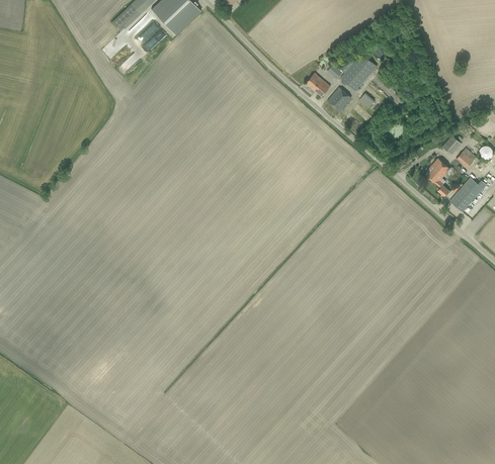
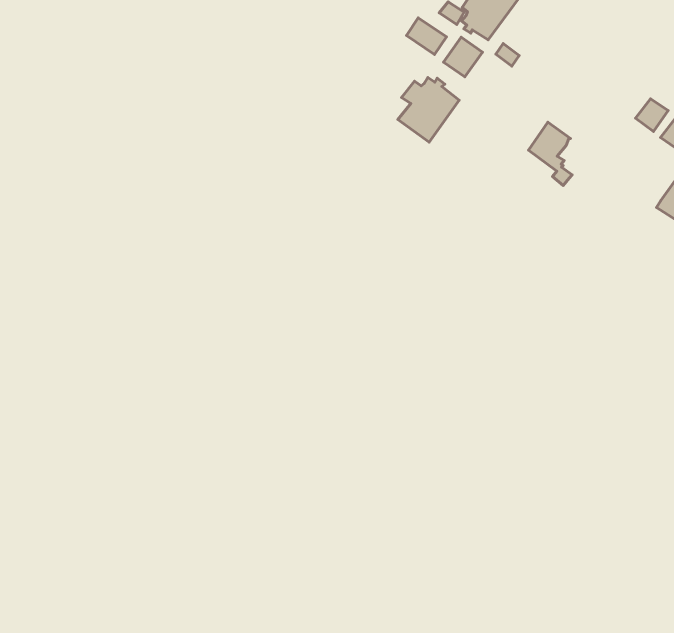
building: none -> [398,78,459,142]
building: [425,158,451,197] -> [529,122,572,185]

